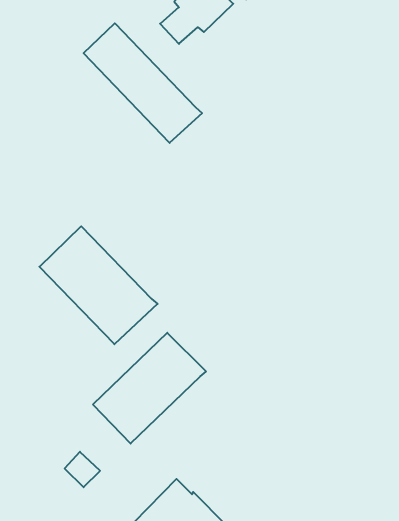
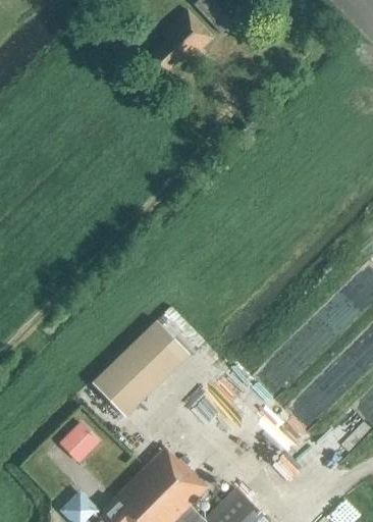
building: [84,23,202,143] -> none
building: [39,226,158,344] -> none

